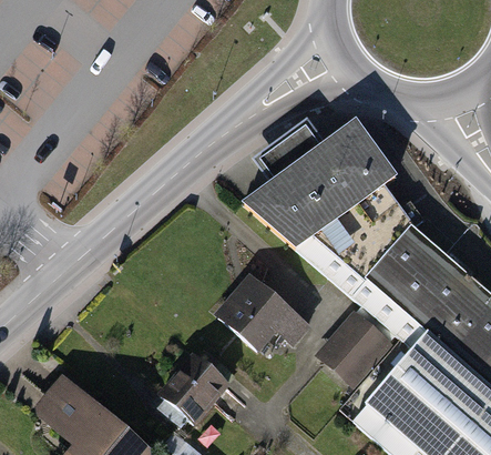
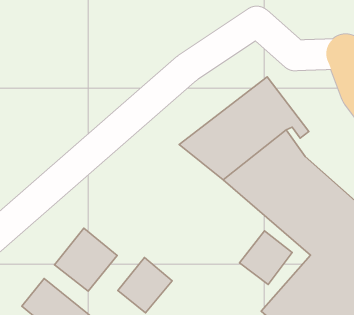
building: [218,273,309,348] -> none
building: none -> [55,228,117,291]

